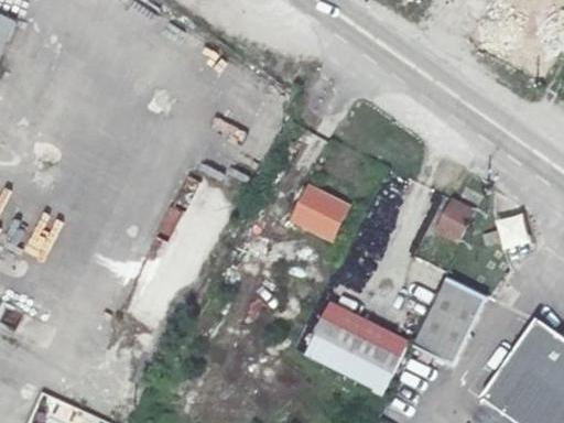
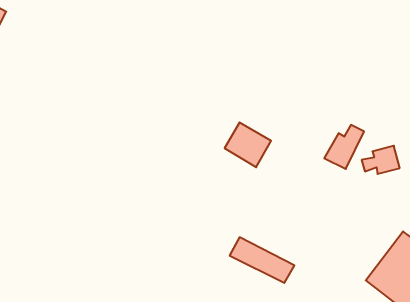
building: [413,276,487,361] -> none
building: [315,303,405,370] -> none

